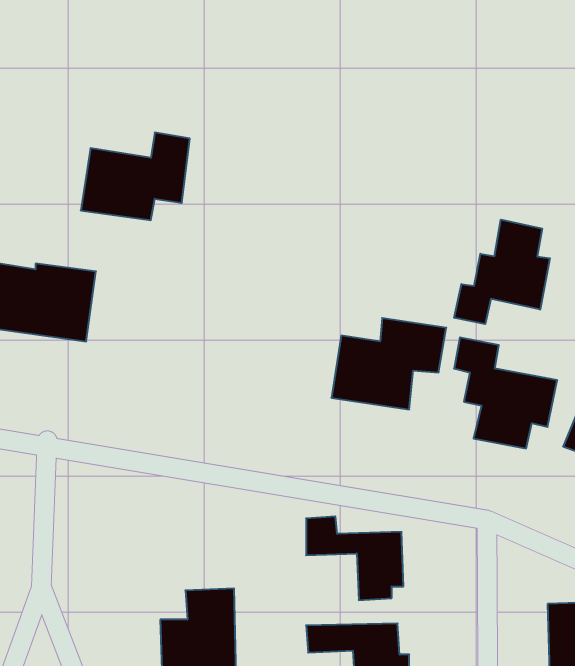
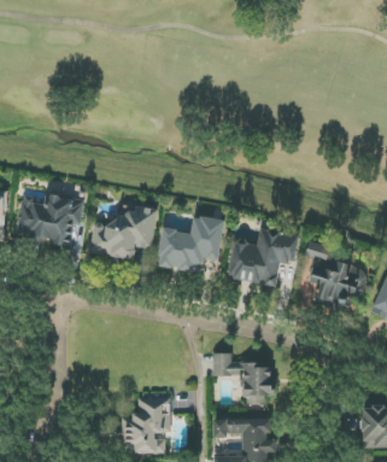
building: [81,133,190,220] -> [89,205,157,259]
building: [454,220,550,324] -> none
building: none -> [157,216,224,271]

